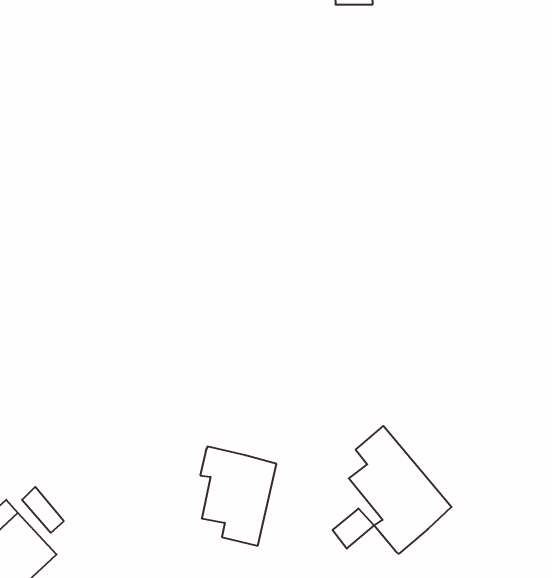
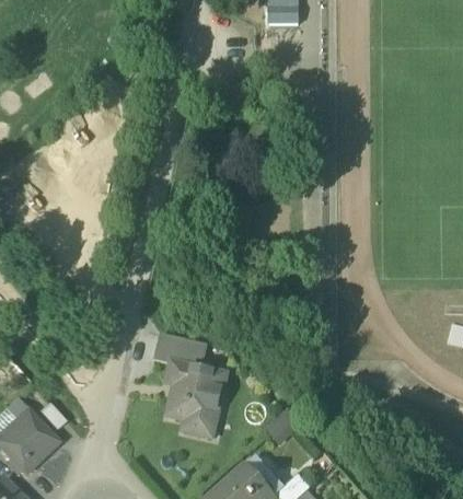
building: none -> [153,332,206,367]
building: [349,426,452,554] -> none

